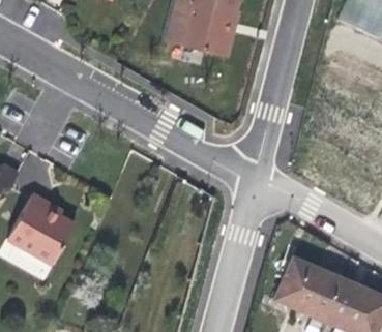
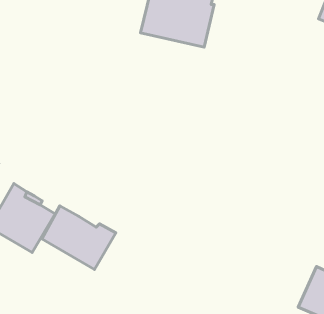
building: none -> [42,206,116,269]
building: [276,256,344,320] -> none

